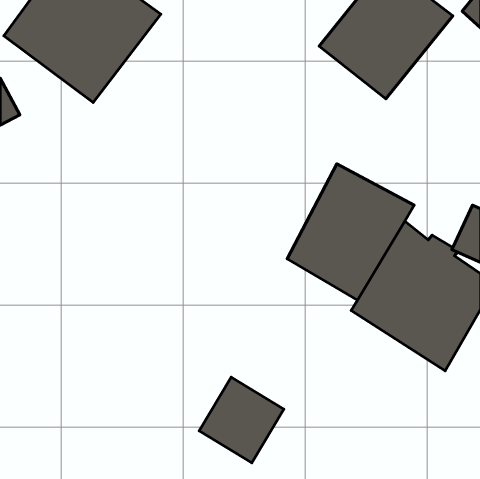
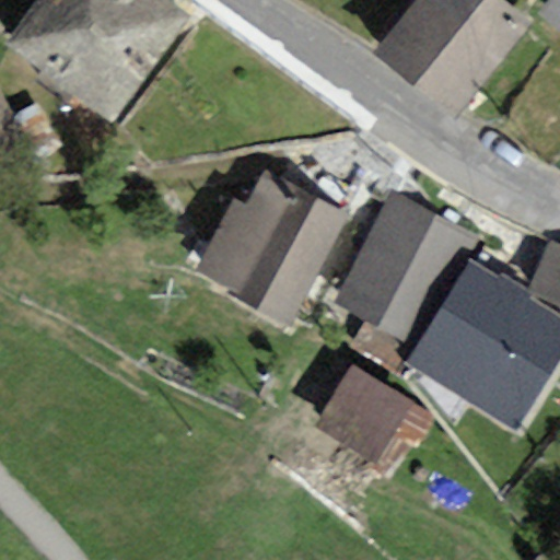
building: none -> [198,166,347,327]
building: [199,377,284,463] -> [313,363,411,463]

